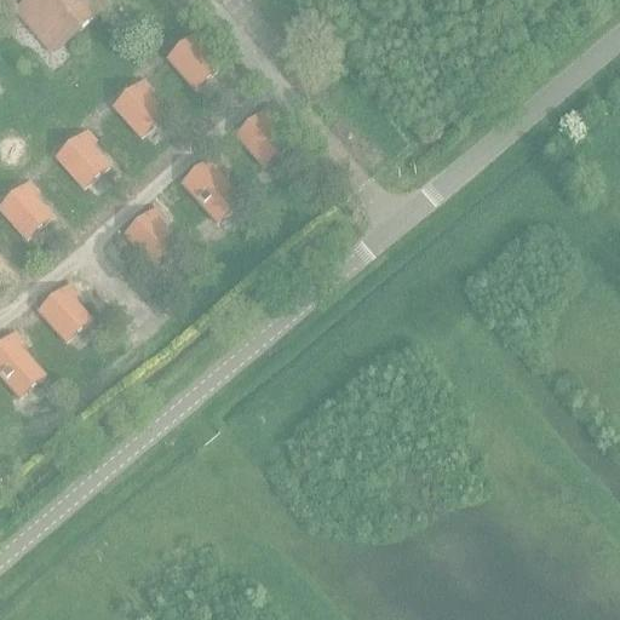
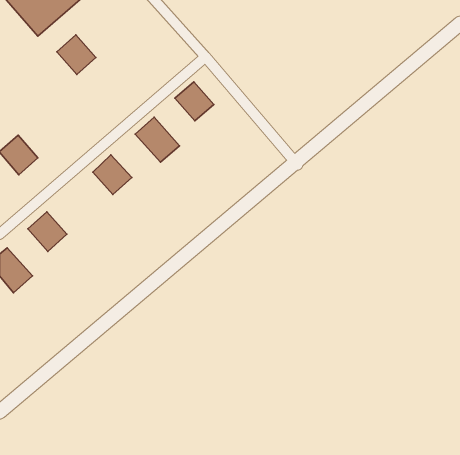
building: [167,33,219,86] -> none
building: [113,80,165,133] -> [57,35,96,75]
building: [56,131,108,184] -> none

